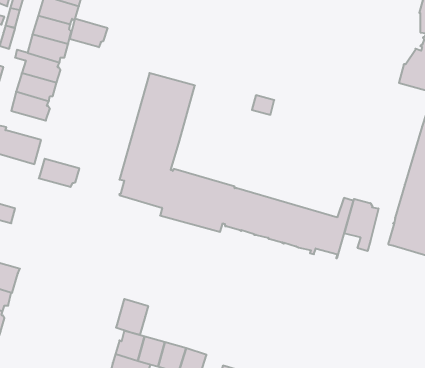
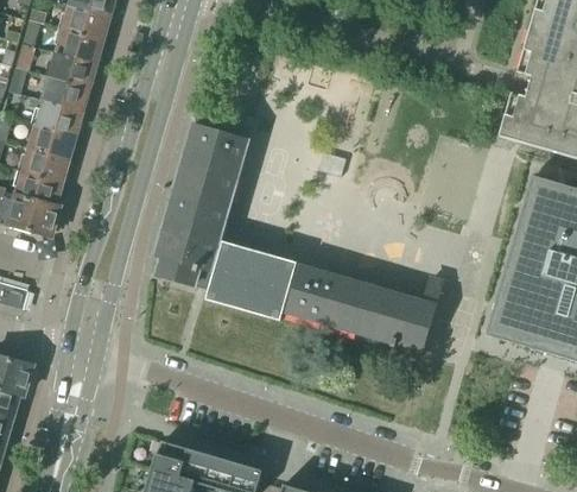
building: [70,19,107,47] -> none
building: [39,159,79,187] -> [15,170,65,204]
building: [344,199,378,251] -> none
building: [116,299,148,335] -> none

